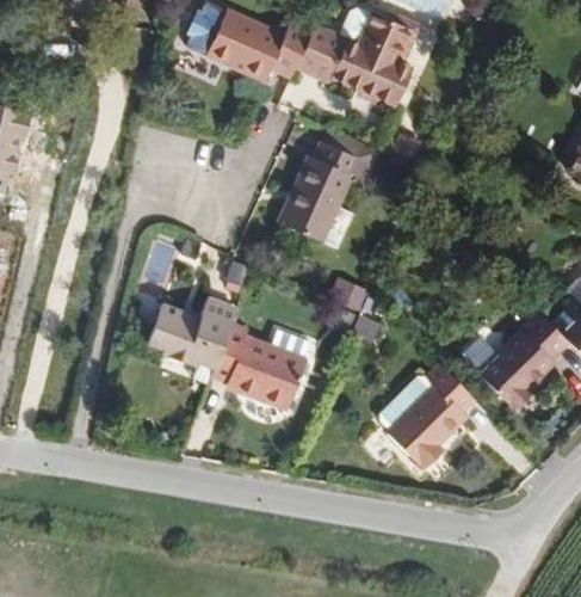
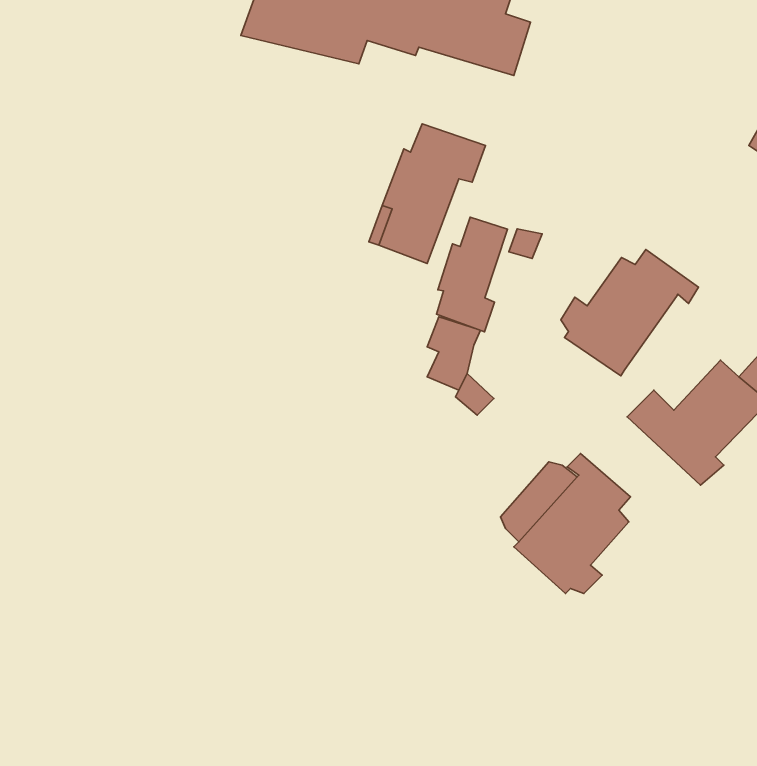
building: none -> [437,217,508,332]
building: none -> [561,250,699,376]
building: [155,297,310,413] -> none

